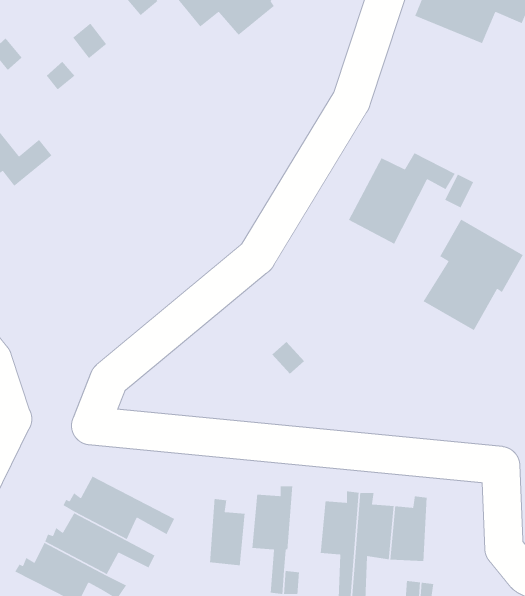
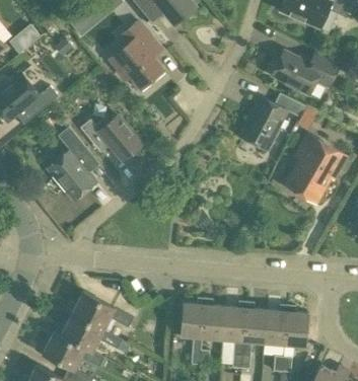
building: none -> [114,22,162,88]
building: none -> [271,51,340,95]
building: none -> [79,116,141,160]
building: none -> [48,127,94,200]
building: none -> [285,305,307,347]
building: [209,498,246,566] -> [202,298,224,339]

